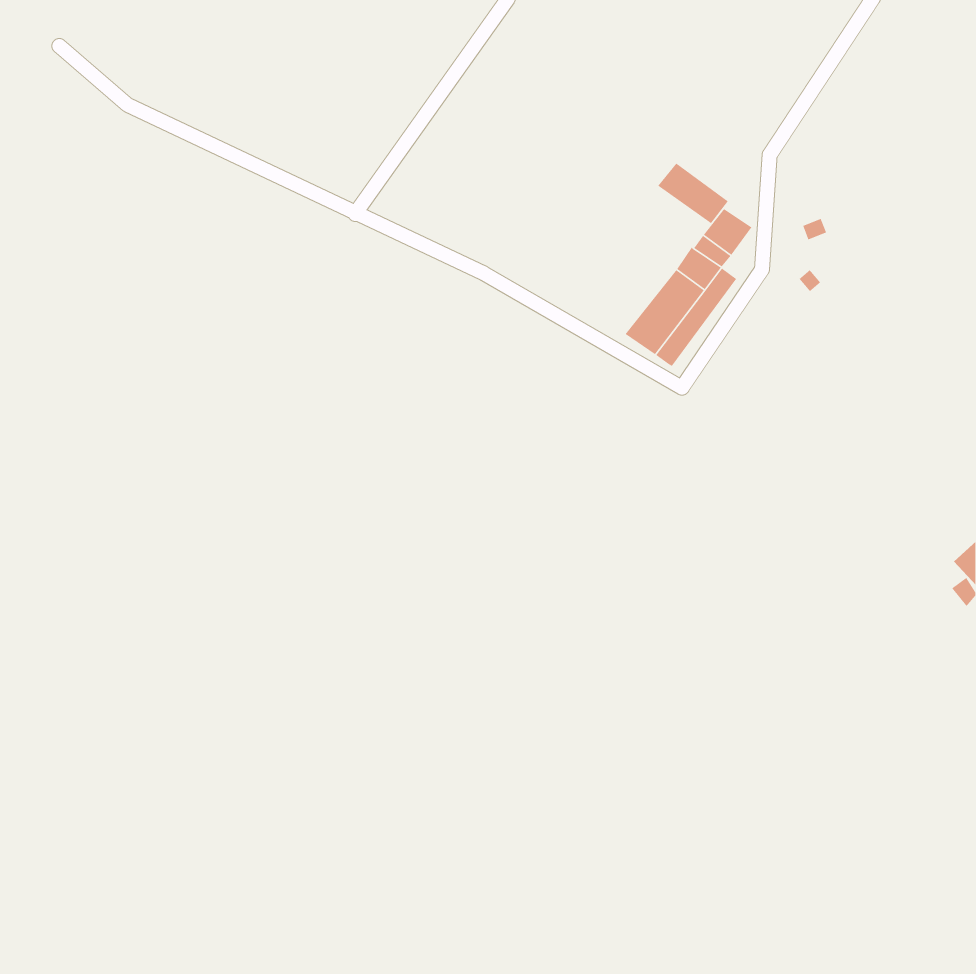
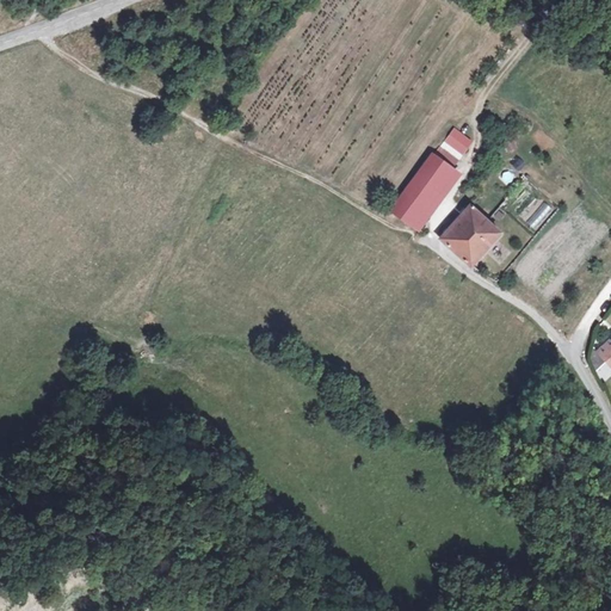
building: [657,163,729,224] -> none
building: none -> [439,204,498,265]

